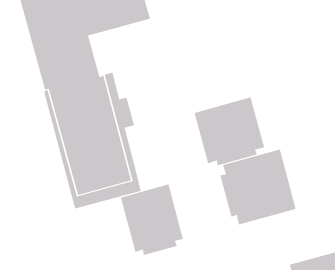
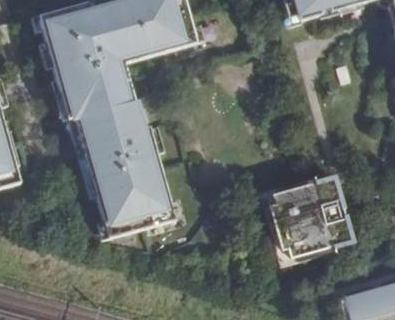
building: [194,96,265,166] -> none
building: [120,184,184,256] -> none

